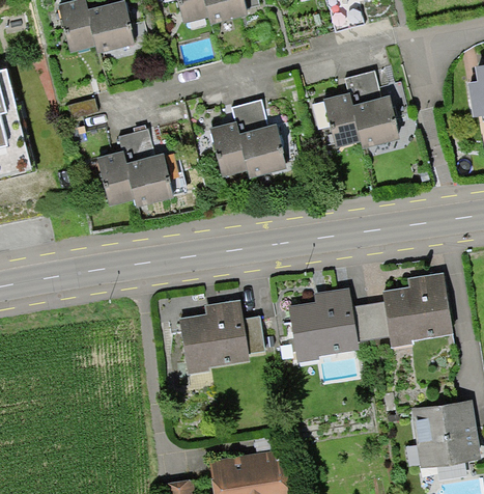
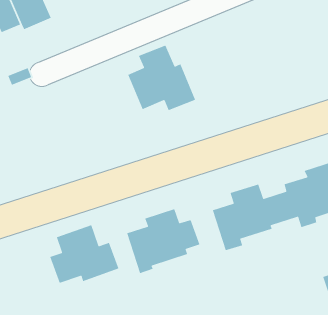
building: [325,70,408,150] -> none
building: [98,128,177,208] -> none
building: none -> [49,224,119,284]

